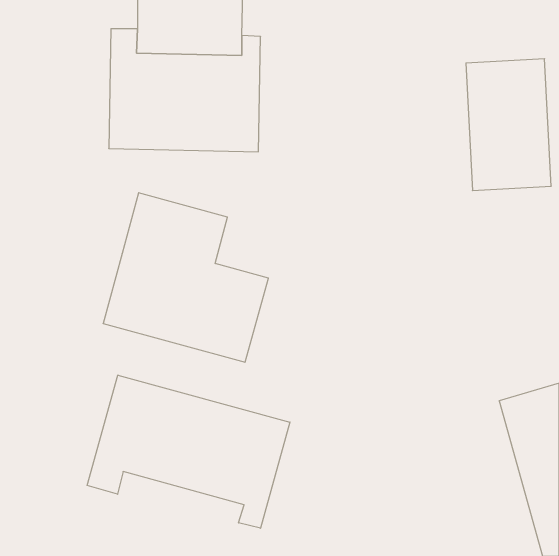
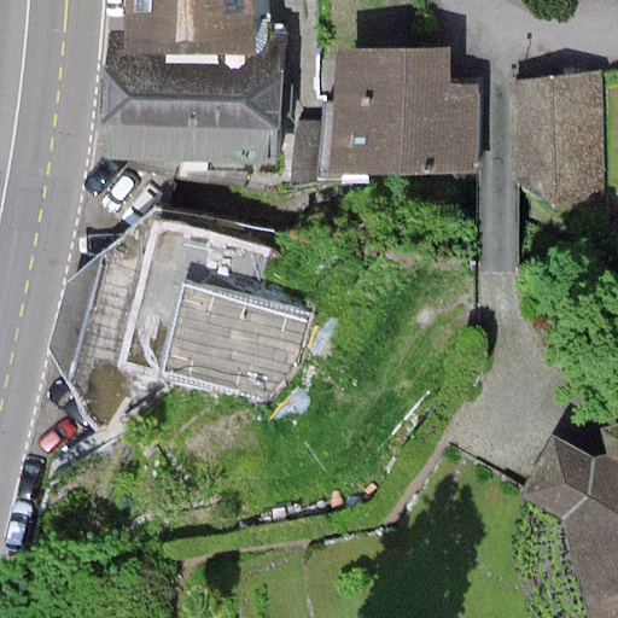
building: none -> [339,46,478,180]
building: [87,375,290,528] -> none

